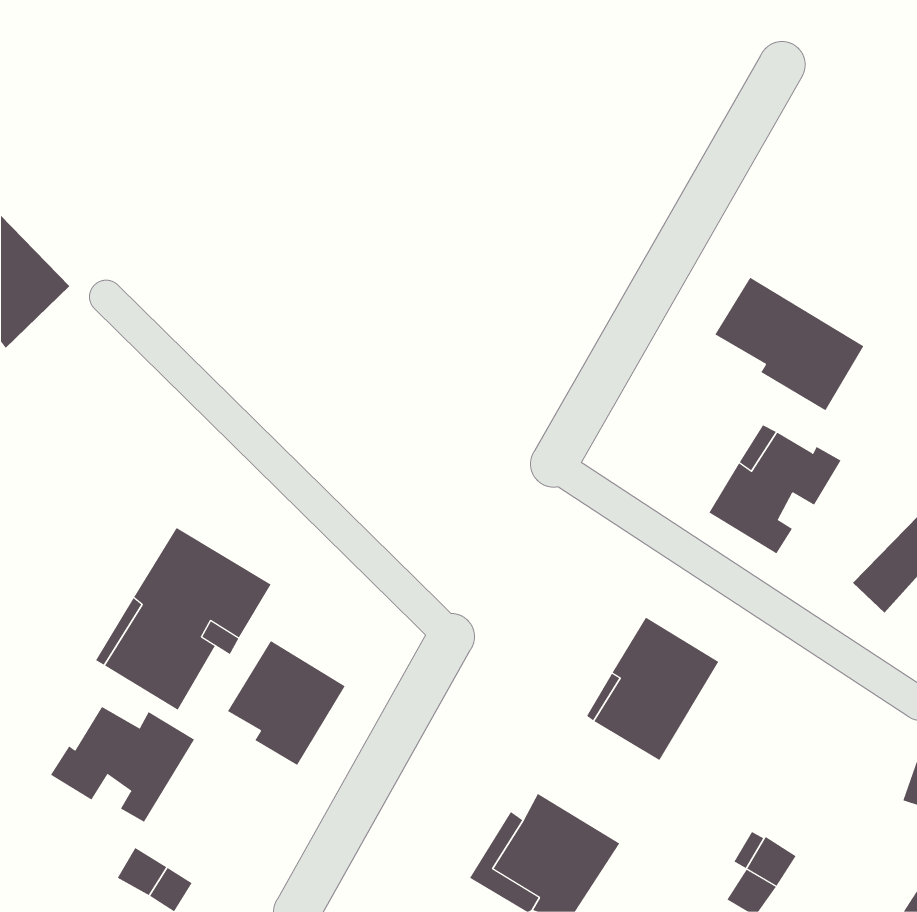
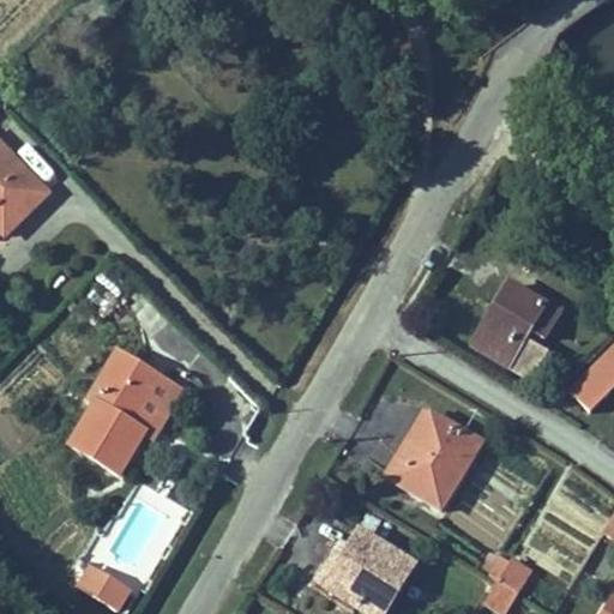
building: [715,277,864,411] -> none
building: [227,640,345,766] -> none
building: [50,706,195,823] -> none

